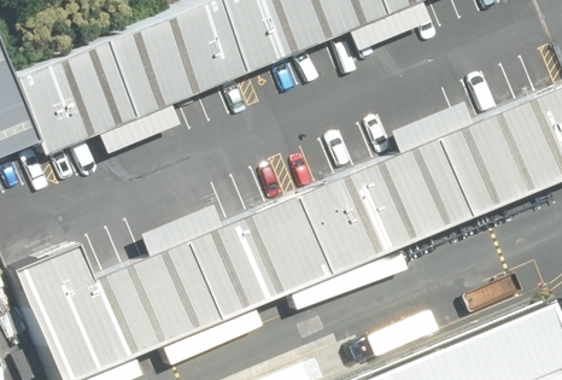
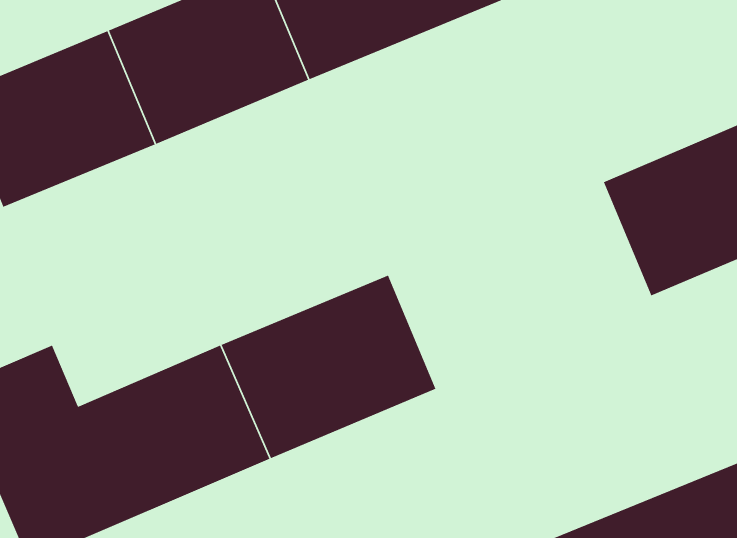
building: [298,135,469,270] -> none

